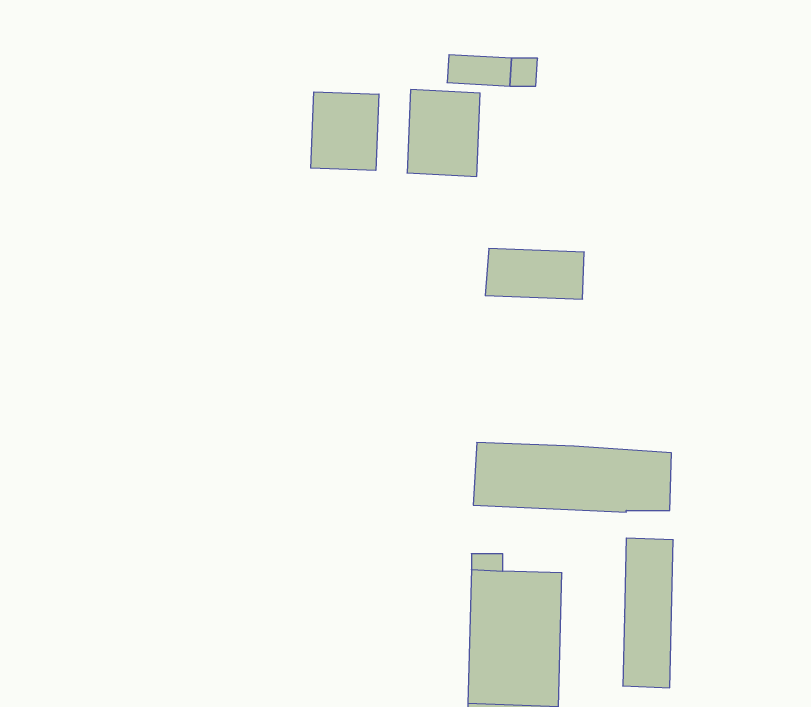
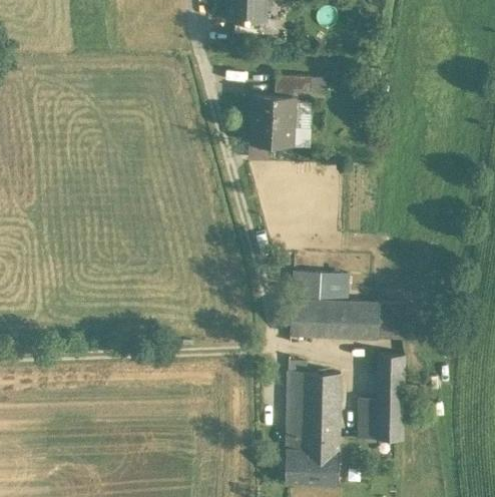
building: [311,92,379,170] -> none
building: [485,249,584,299] -> [292,272,349,301]
building: none -> [358,399,377,439]

